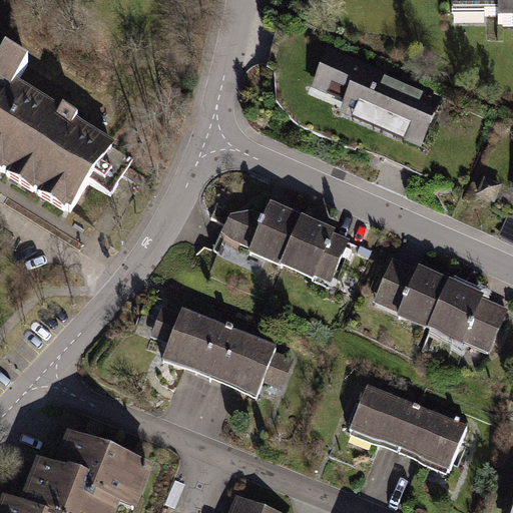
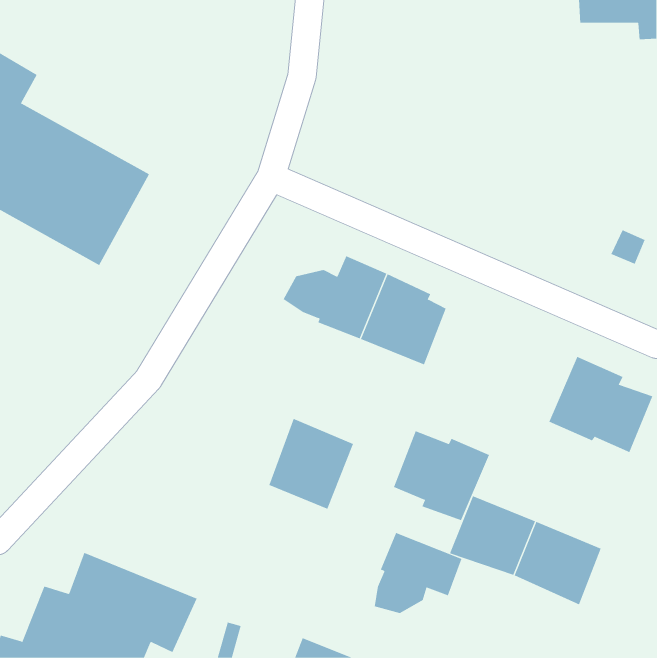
building: [309,50,441,148] -> none
building: [373,258,448,328] -> [393,430,490,521]
building: [160,308,227,377] -> none
building: none -> [374,532,462,614]

